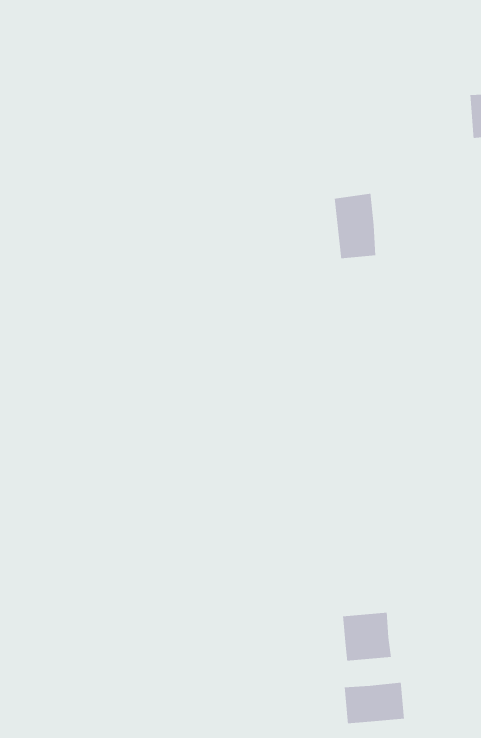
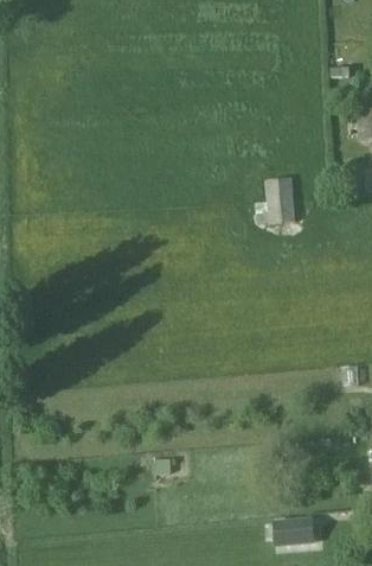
building: [342,612,392,662] -> none

